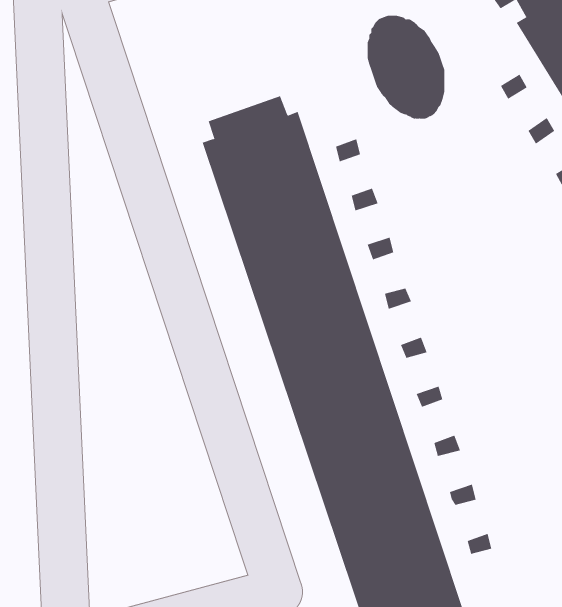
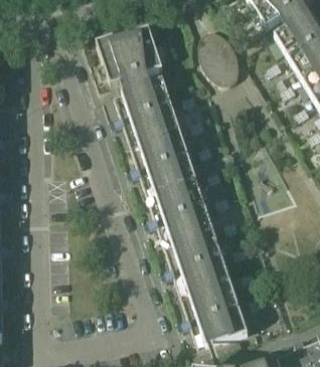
building: none -> [99,30,165,89]

